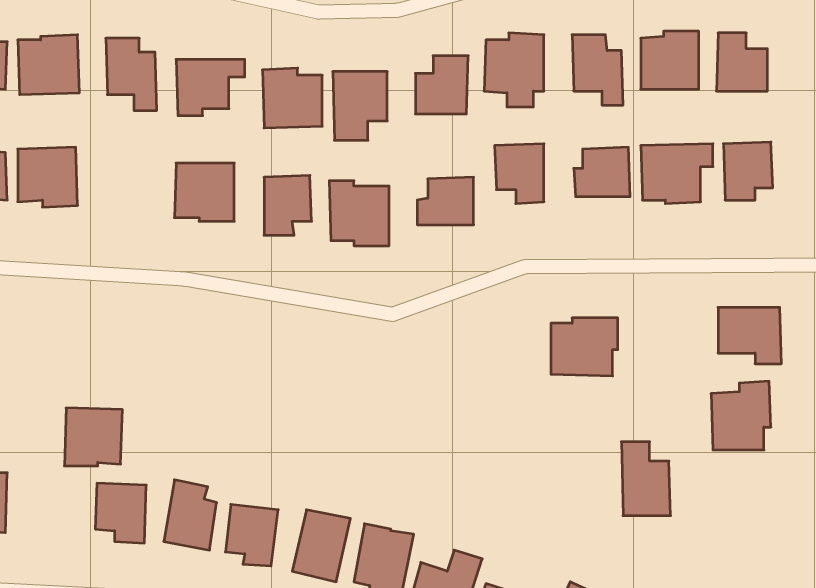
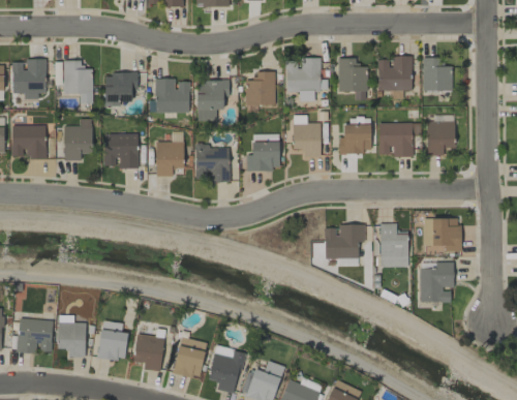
building: none -> [64,118,92,160]
building: [64,408,122,466] -> [18,318,52,352]
building: [621,442,671,516] -> [379,223,408,267]

